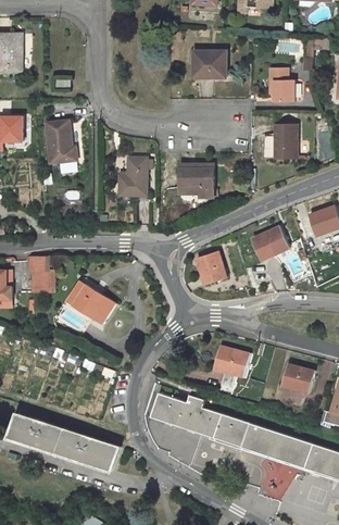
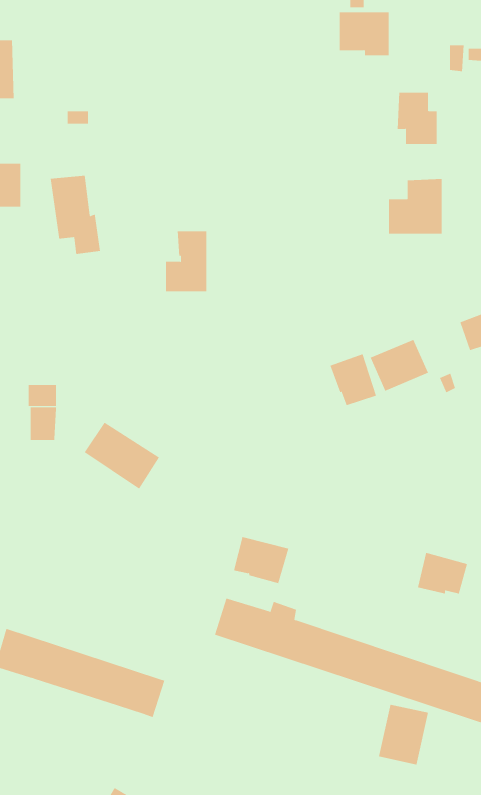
building: [193,51,226,79] -> [339,12,390,56]
building: [179,165,213,201] -> none
building: [196,251,226,285] -> [329,354,377,406]
building: [214,347,250,377] -> [233,537,289,584]

